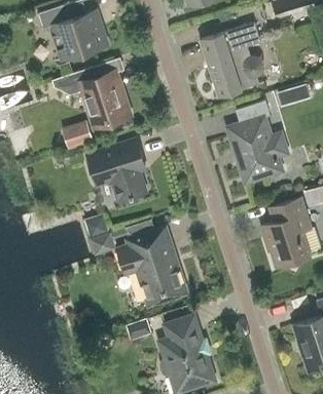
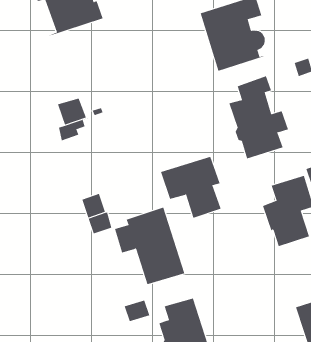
building: [53,65,129,124] -> none
building: [87,141,147,201] -> [160,156,221,218]

